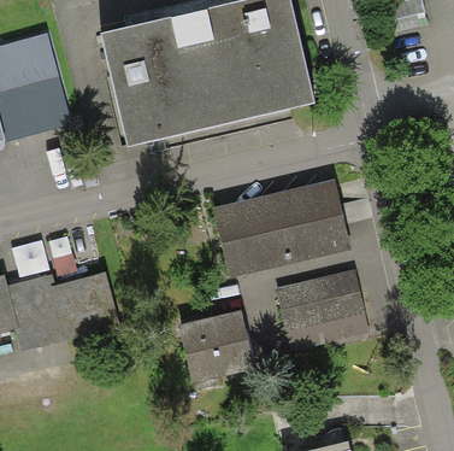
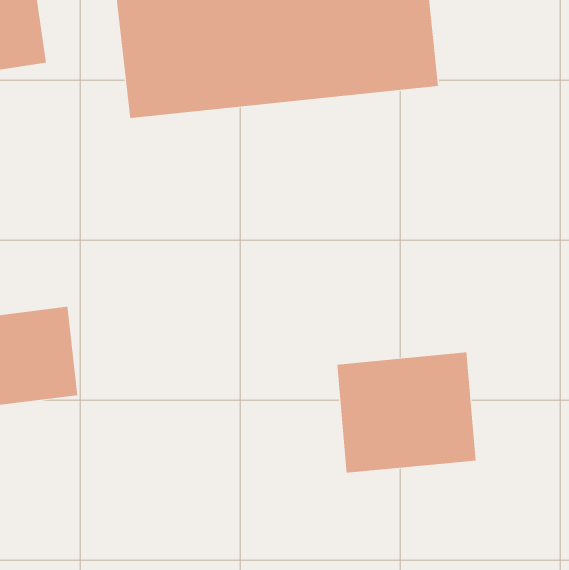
building: [212,176,350,276] -> none
building: [178,309,254,382] -> none

